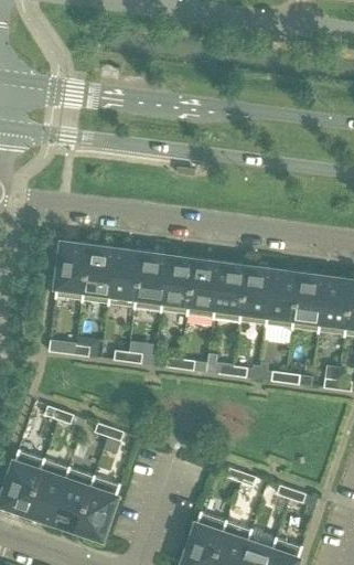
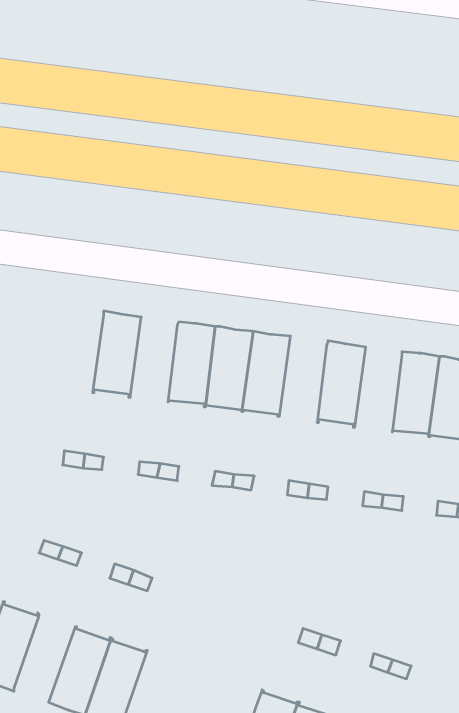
building: [55,241,89,301] -> none
building: [108,248,142,308] -> none
building: [213,262,247,322] -> none
building: [266,269,299,329] -> none
building: [26,458,69,519] -> none

